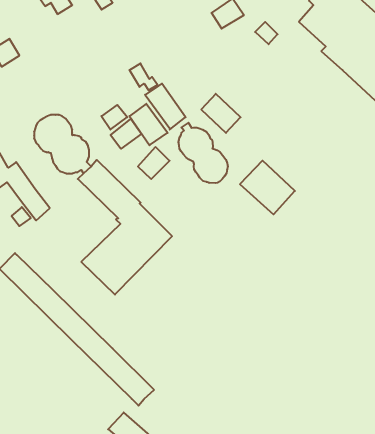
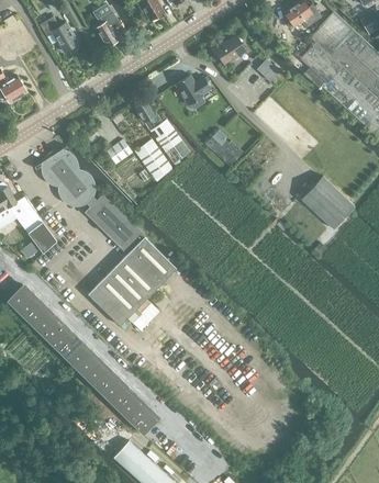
building: none -> [176,75,211,104]
building: [111,119,142,149] -> none
building: [179,123,228,183] -> none
building: [138,147,170,179] -> none
building: [240,161,295,214] -> [300,176,354,228]

